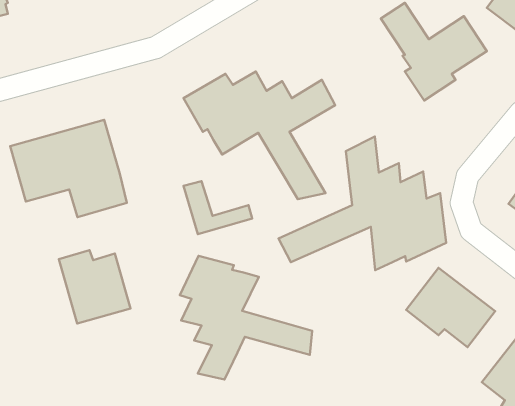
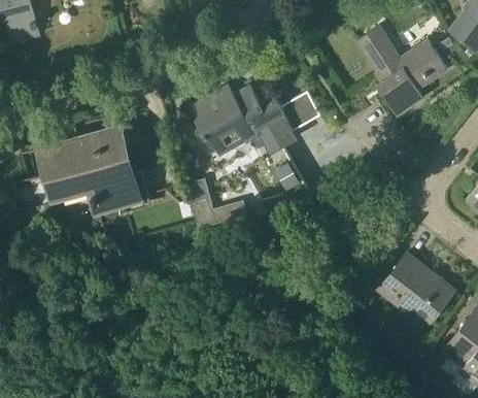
building: [279,136,446,270] -> none
building: [59,250,130,324] -> none
building: [180,256,312,380] -> none

